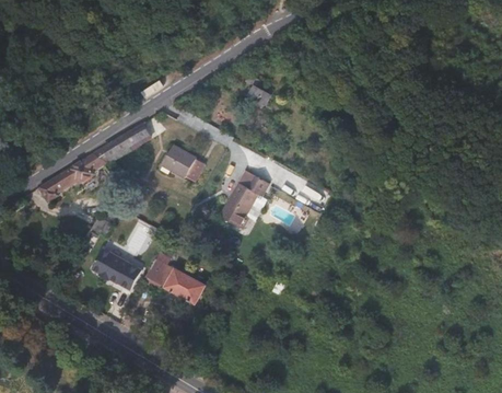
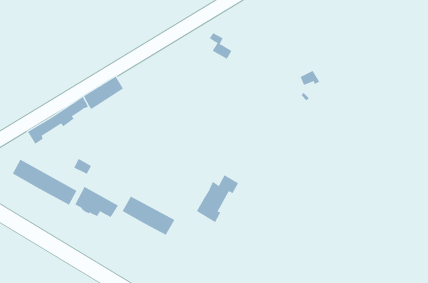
building: [163,146,205,182] -> none
building: [221,174,269,229] -> [196,175,239,223]
building: none -> [12,159,77,205]

